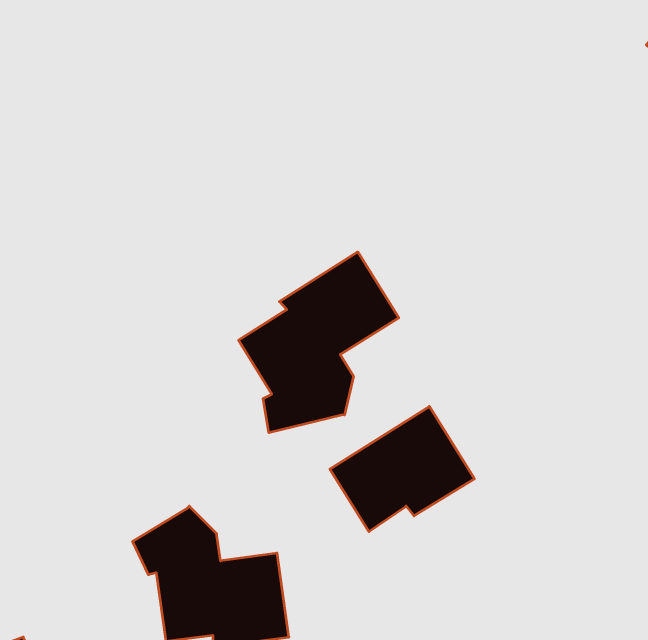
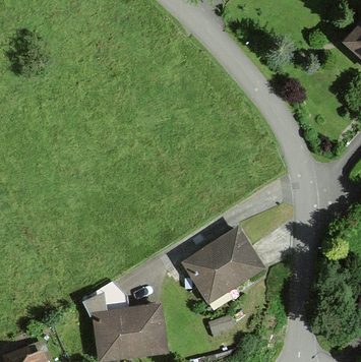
building: [239,252,399,433] -> none

